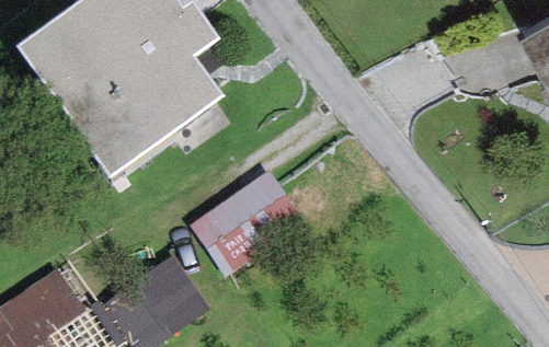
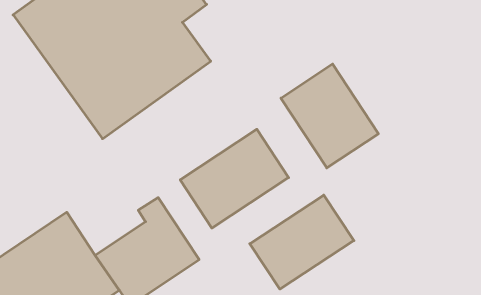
building: none -> [281,64,378,168]
building: none -> [250,195,354,289]

